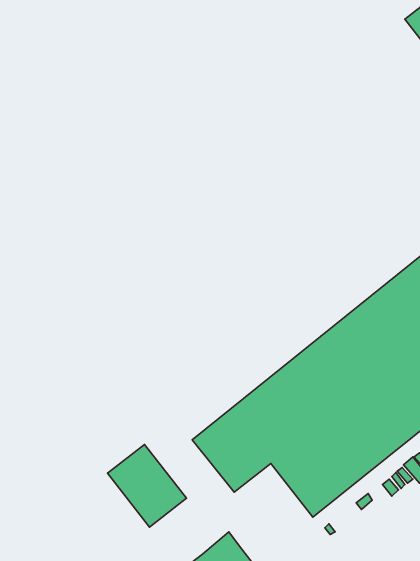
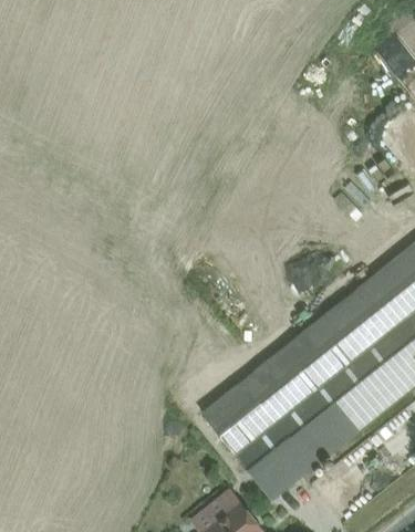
building: [108,444,186,527] -> [239,431,305,501]

